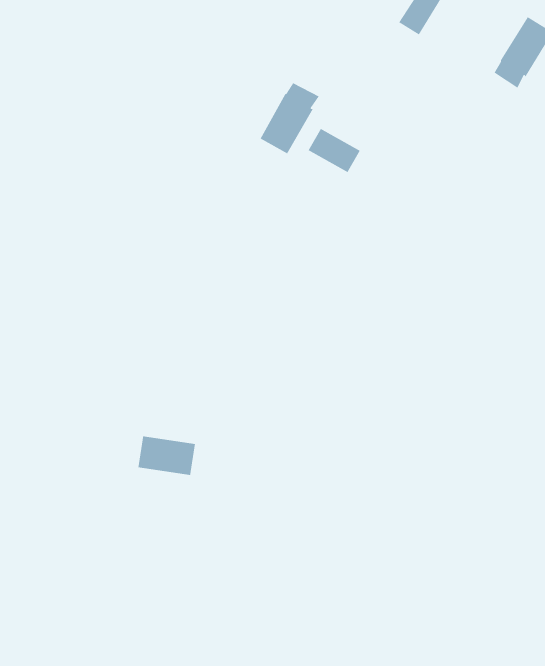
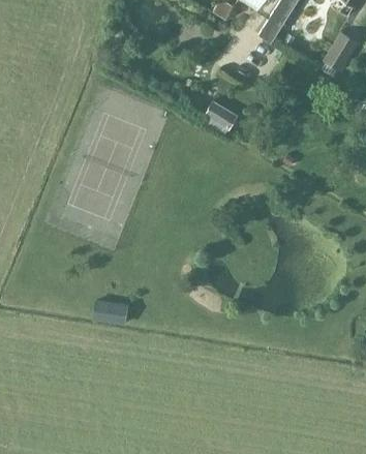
building: [259,82,320,155] -> none

